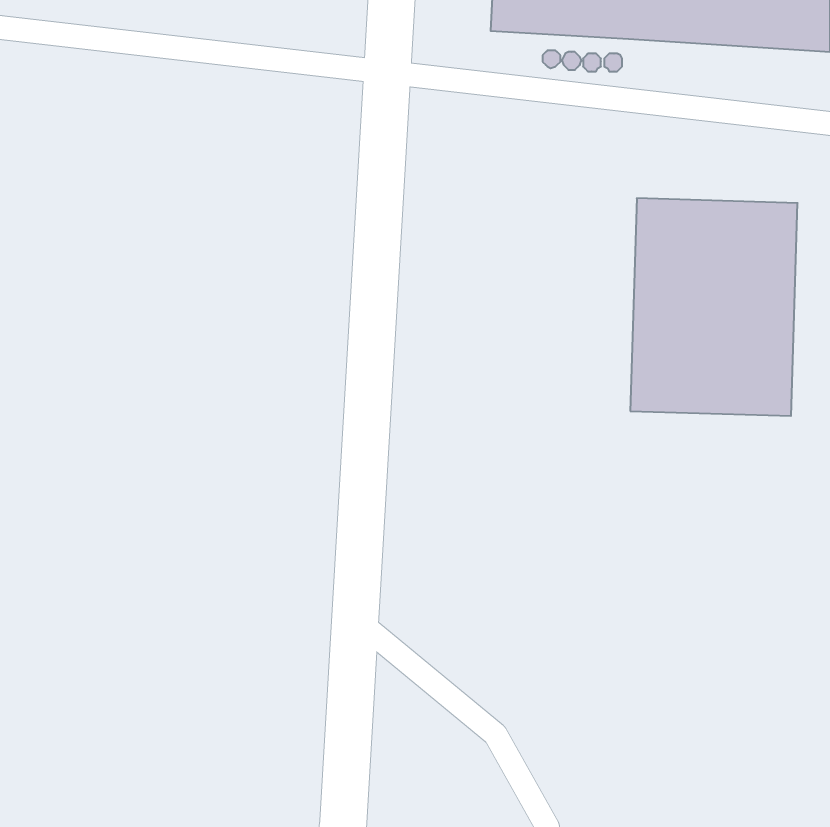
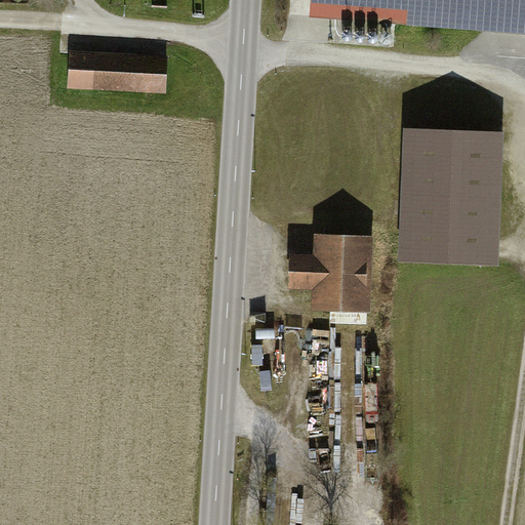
building: none -> [70,53,167,94]
building: none -> [285,233,375,313]

